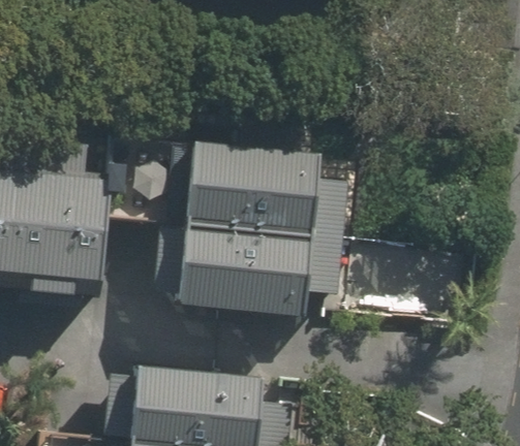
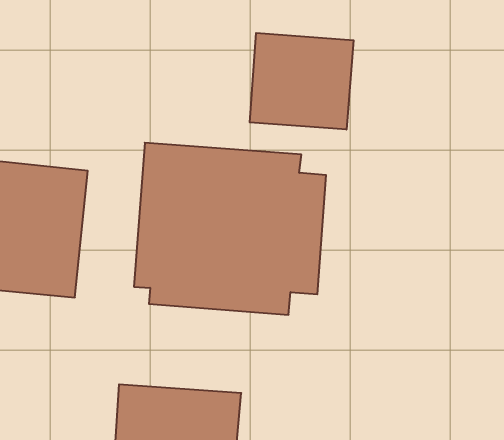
building: none -> [250,33,354,130]

